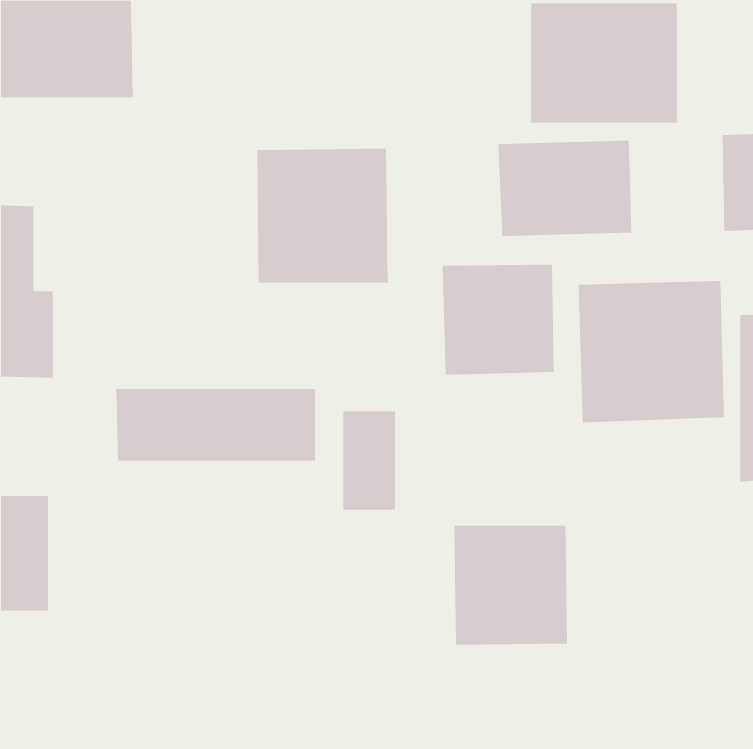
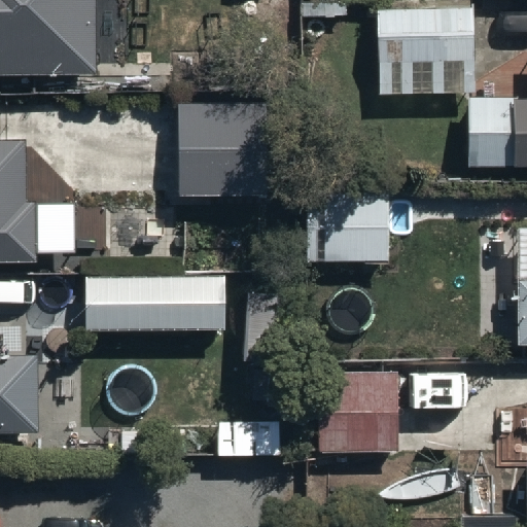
building: [498,140,632,237] -> none
building: [578,280,725,423] -> none

